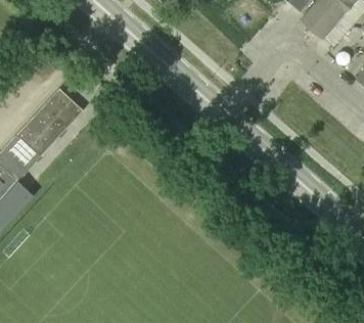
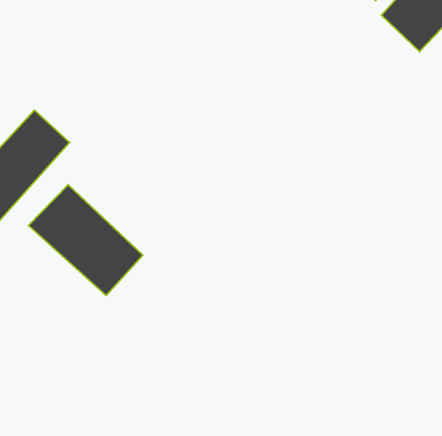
building: none -> [29,185,143,295]

